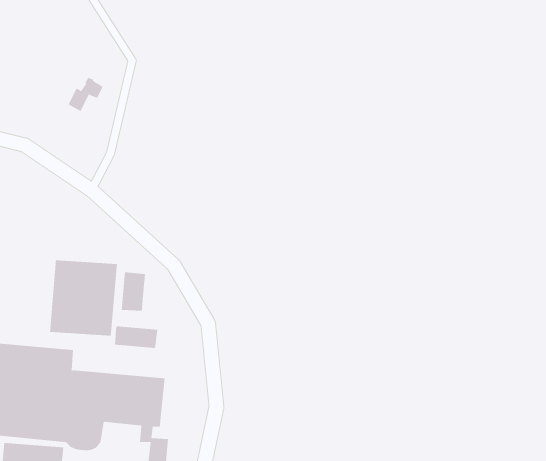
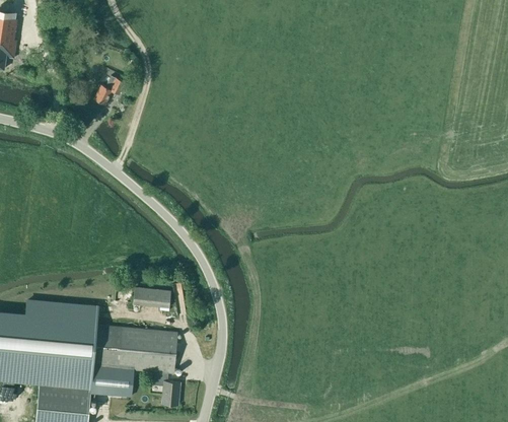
building: [49,260,117,337] -> none
building: [121,271,145,312] -> none

